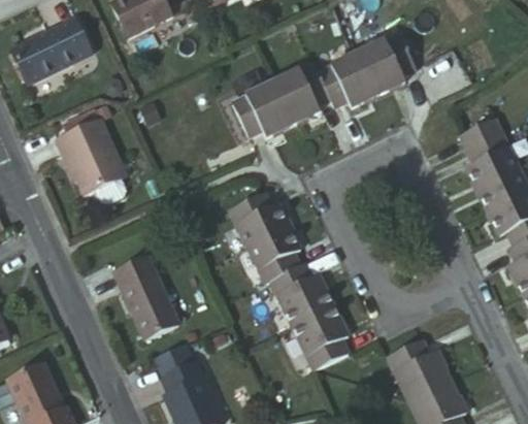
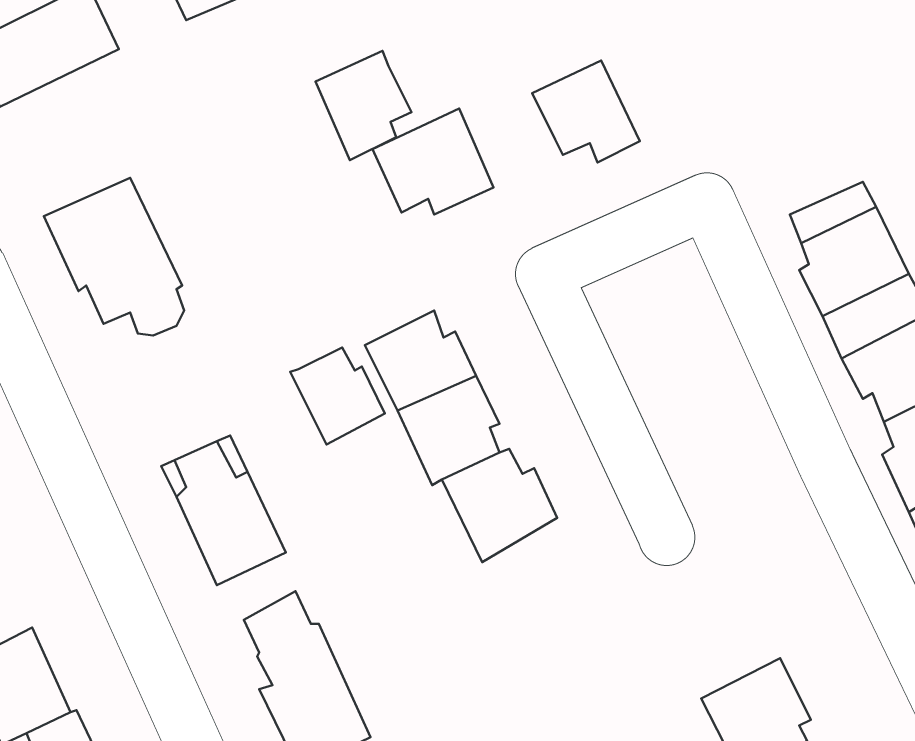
building: [353,35,412,99] -> none
building: [276,65,328,124] -> [315,51,411,160]
building: none -> [290,348,385,444]
building: [289,301,344,366] -> none
building: [383,334,449,398] -> none

